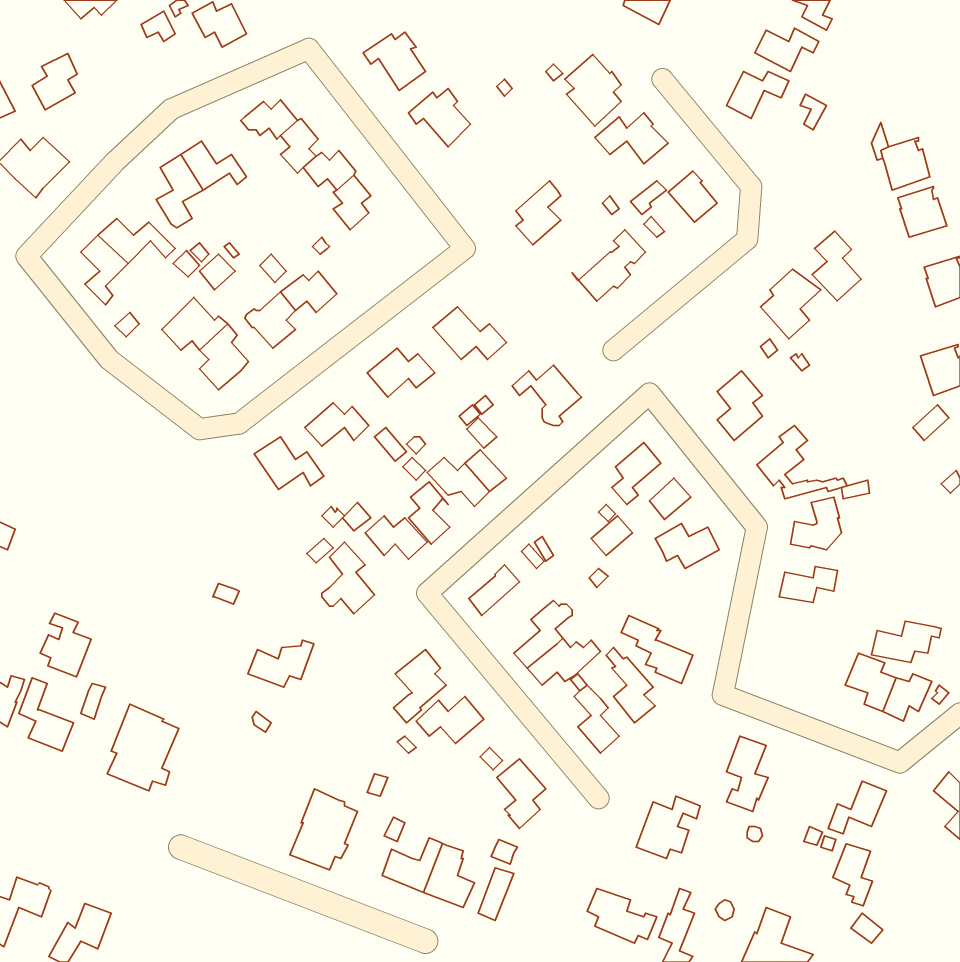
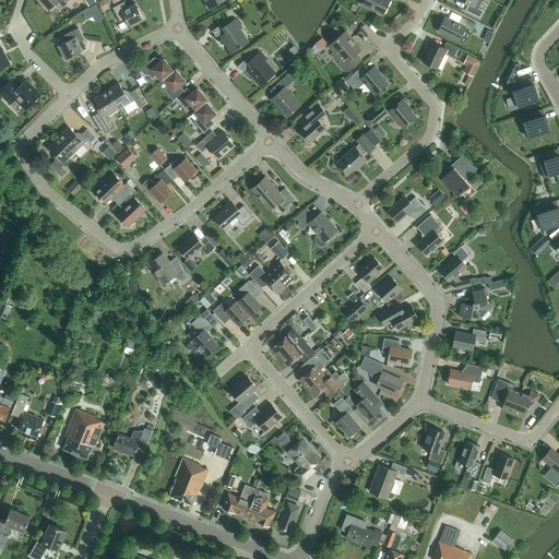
building: [32,53,77,110] -> [57,27,83,60]
building: none -> [271,74,299,116]
building: none -> [195,132,234,158]
building: [812,231,861,301] -> none
building: none -> [388,197,426,222]
building: none -> [280,337,314,366]
building: none -> [381,337,412,365]
building: [40,613,91,677] -> none
building: [871,621,941,662] -> [447,364,487,388]
building: [248,640,314,687] -> [112,428,151,455]
building: [833,844,873,906] -> [457,441,480,477]

